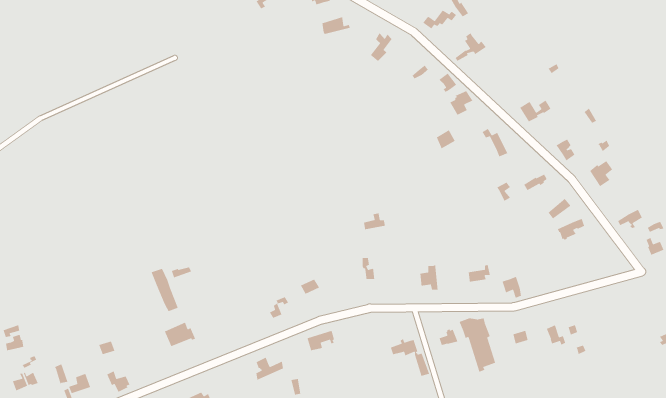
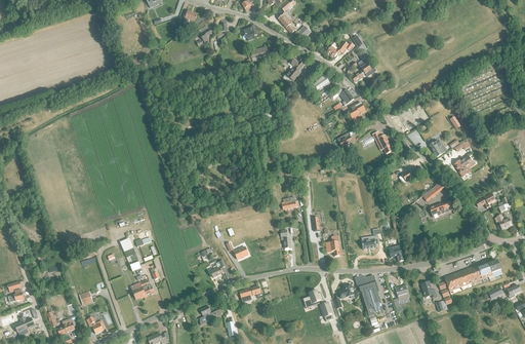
building: none -> [445,260,502,290]

